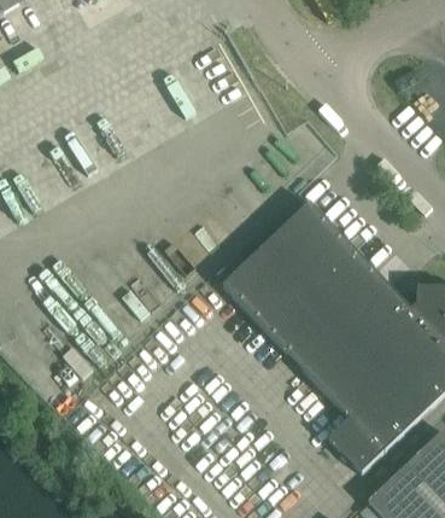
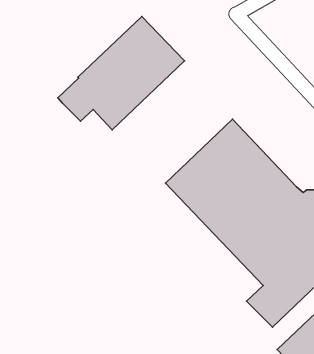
building: none -> [58,17,184,130]

